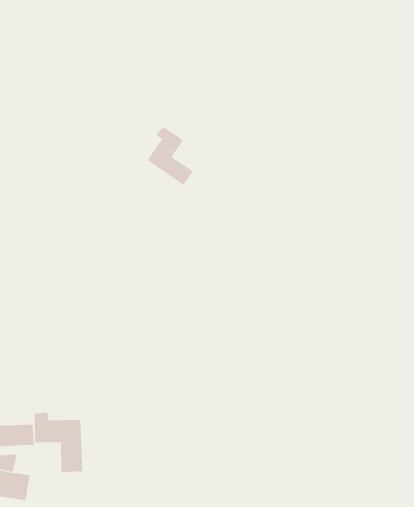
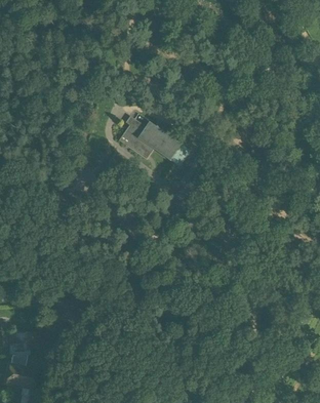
building: none -> [137,120,182,160]
building: [34,412,83,473] -> none

